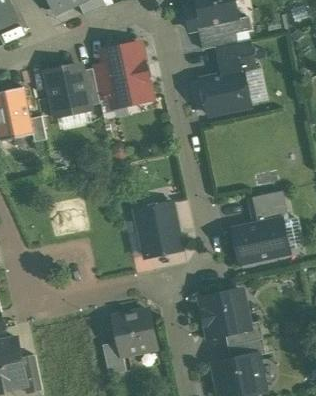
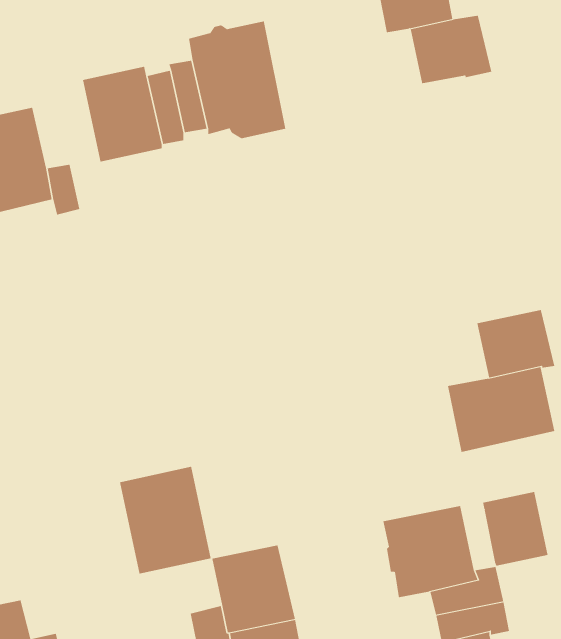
building: [201,71,249,114] -> none
building: [134,202,181,257] -> [119,466,212,574]
building: none -> [482,491,548,566]

